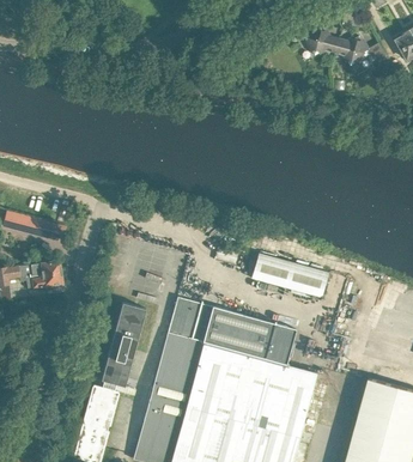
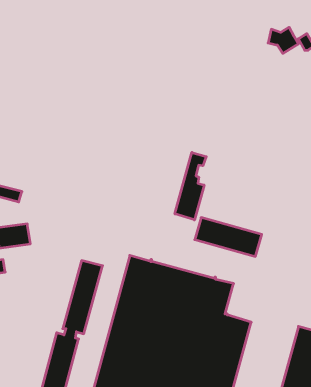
building: [305,26,339,56] -> none
building: none -> [175,152,206,220]

